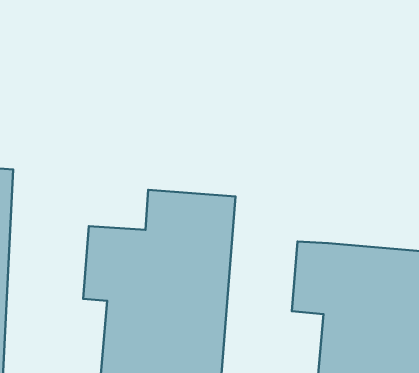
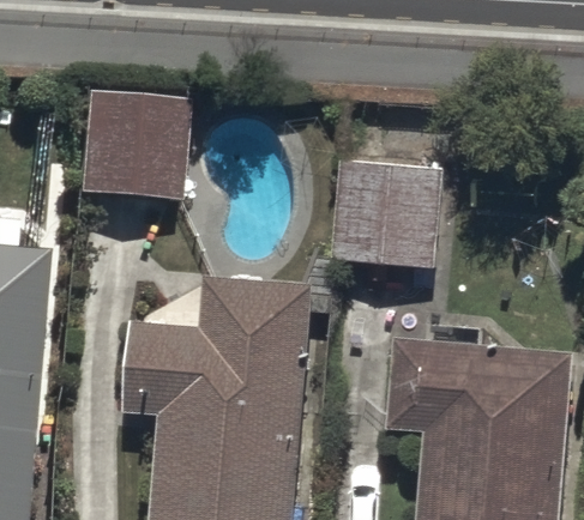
building: none -> [73,95,181,201]
building: none -> [332,159,439,266]

